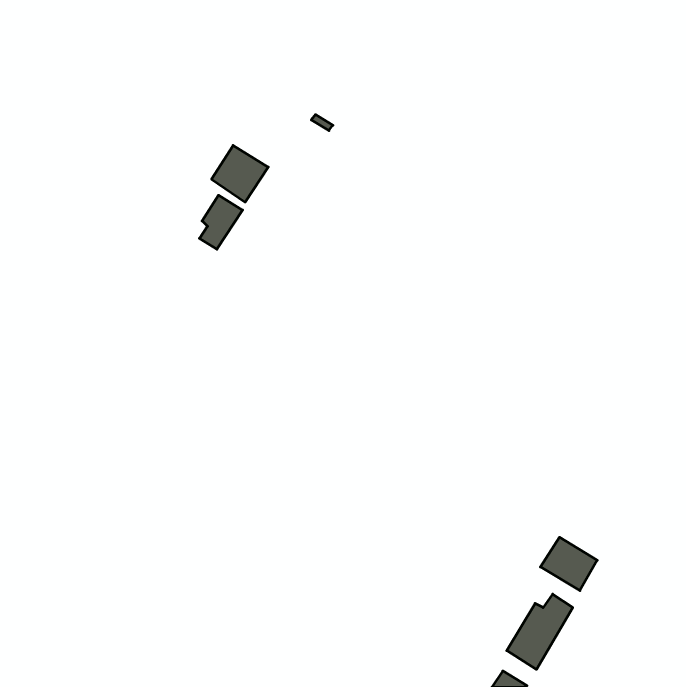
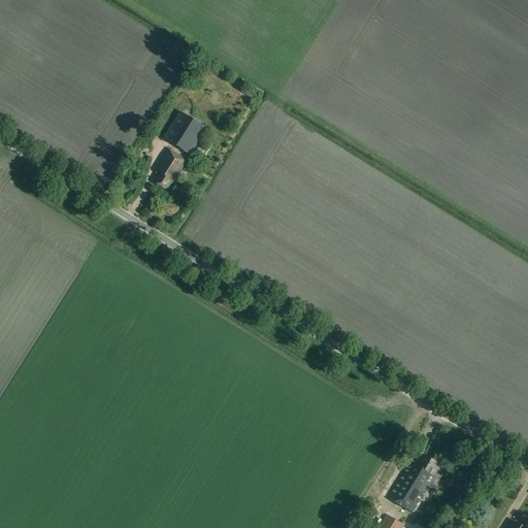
building: [540,537,597,591] -> none

